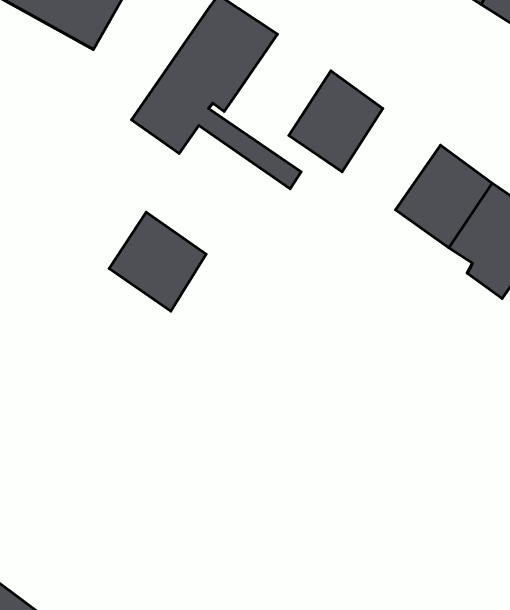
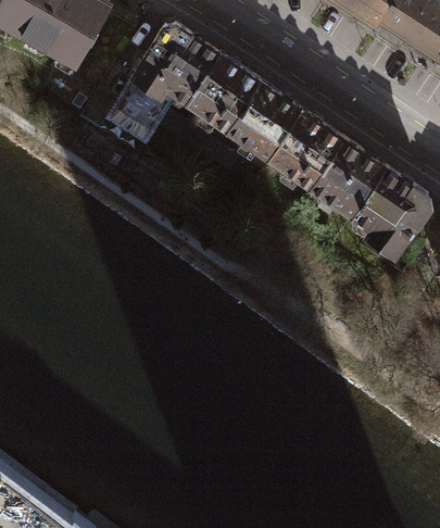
building: none -> [186,53,263,131]
building: none -> [272,111,348,189]
building: [109,212,206,311] -> none

